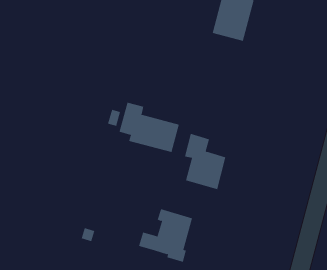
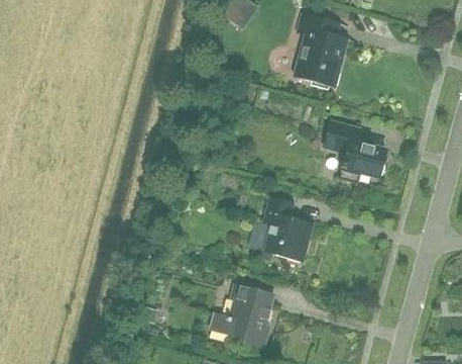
building: none -> [323,121,383,183]
building: [119,102,179,153] -> none

